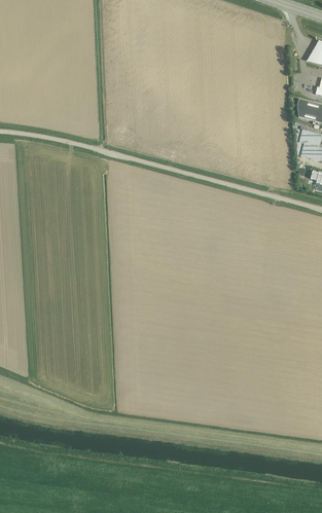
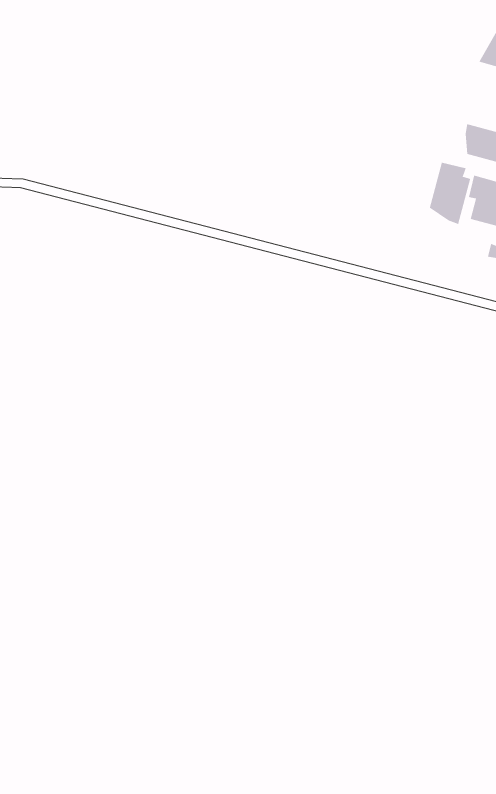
building: none -> [429,162,471,225]

